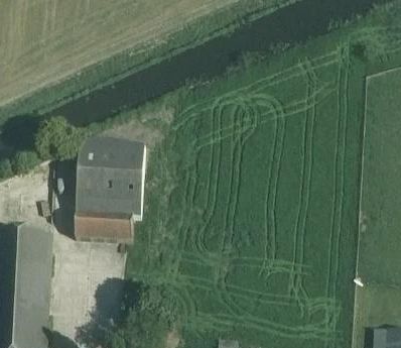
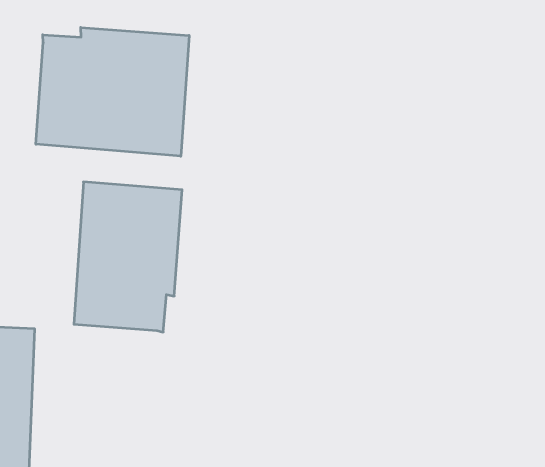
building: none -> [36,27,189,156]

